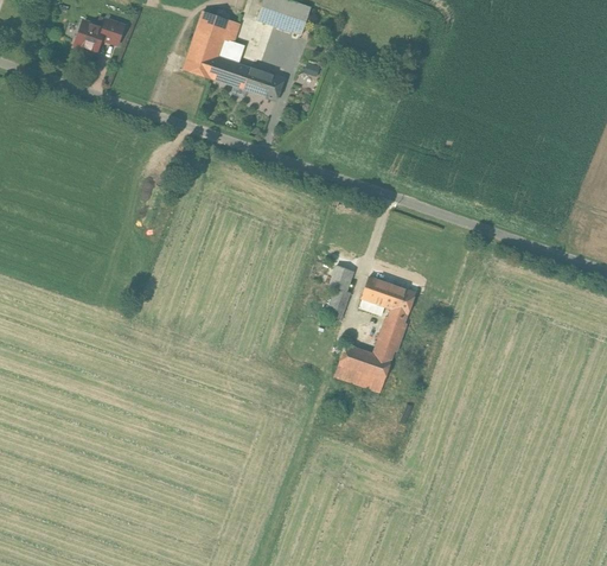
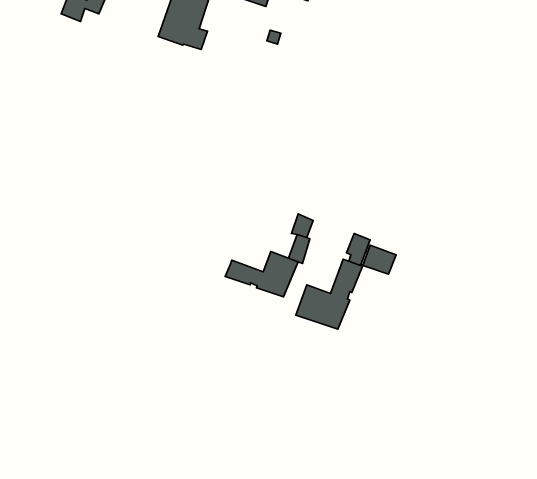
building: [230,63,283,100] -> none
building: [362,275,398,307] -> [363,245,396,274]
building: none -> [225,251,298,297]

